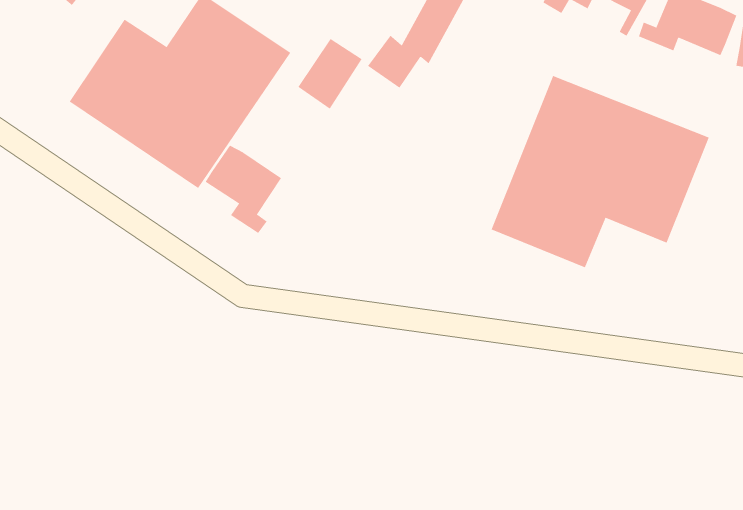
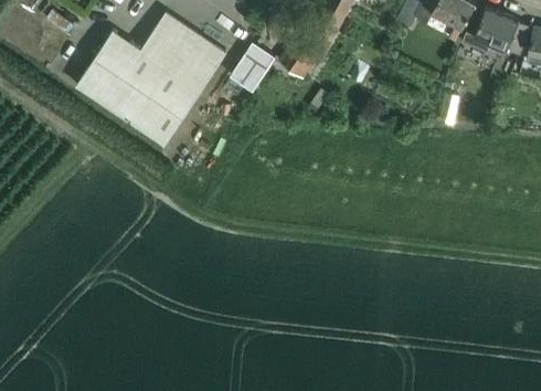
building: [491,75,709,268] -> none
building: [205,145,282,234] -> none

